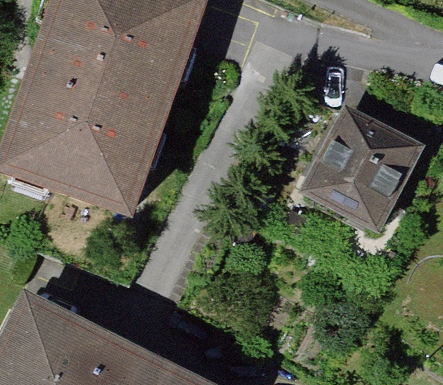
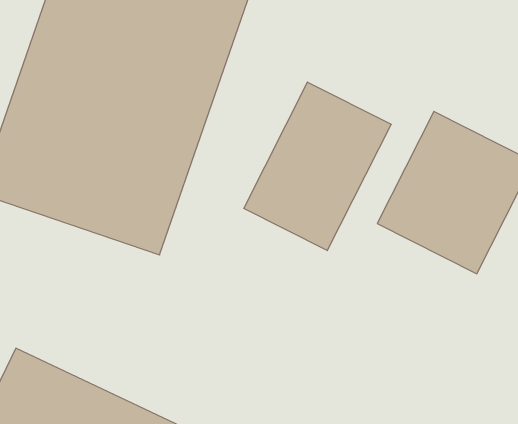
building: none -> [244,82,391,251]

